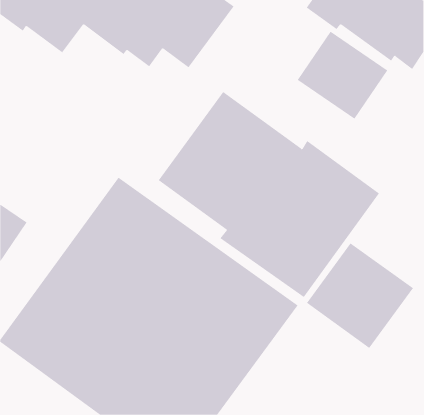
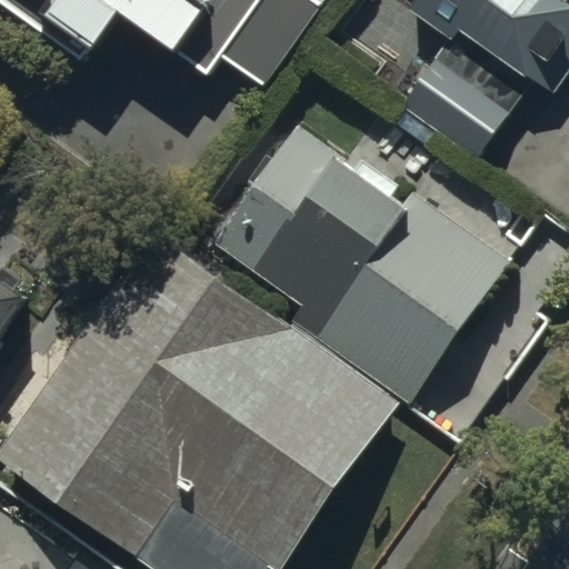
building: [306,242,414,349] -> none

